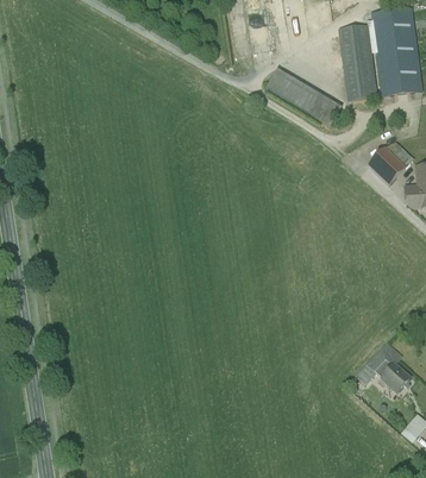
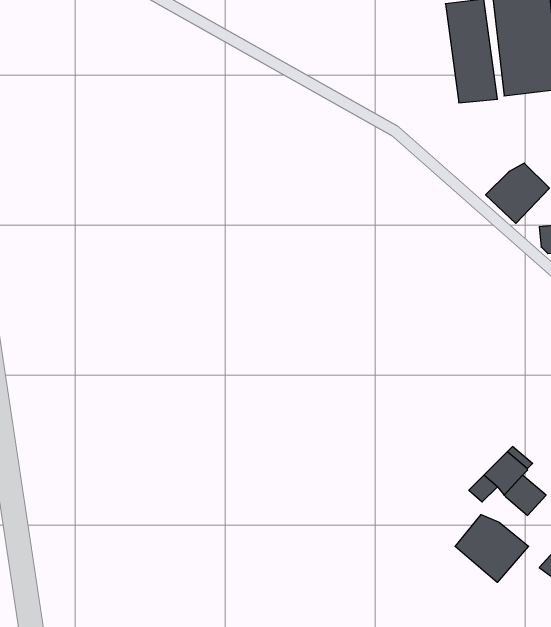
building: [267,68,340,122] -> none
building: none -> [455,515,529,582]

